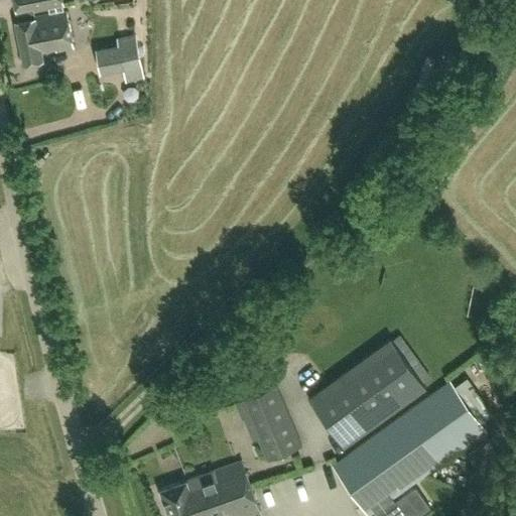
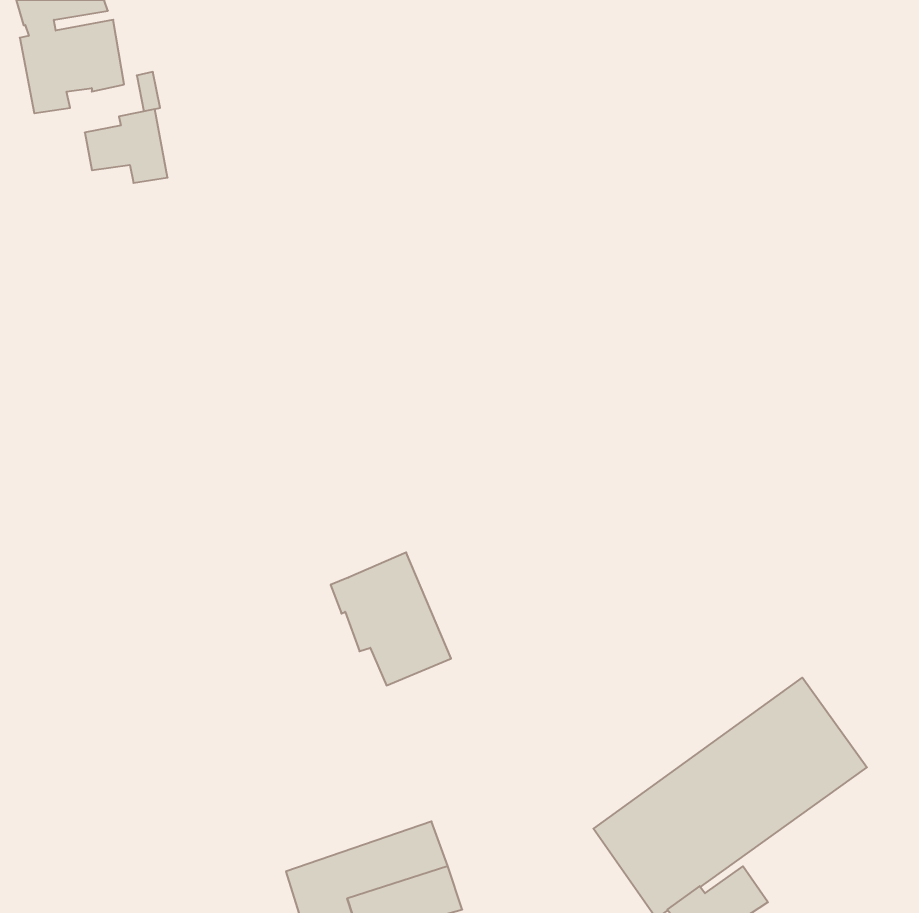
building: [97,39,143,81] -> [85,109,168,183]
building: [307,340,426,448] -> none
building: [236,388,303,463] -> [331,552,451,685]

